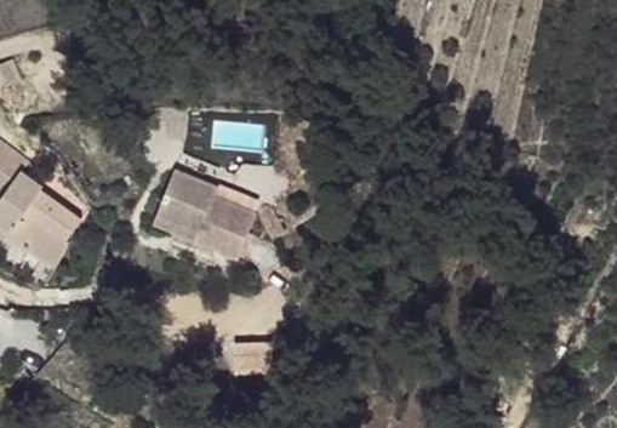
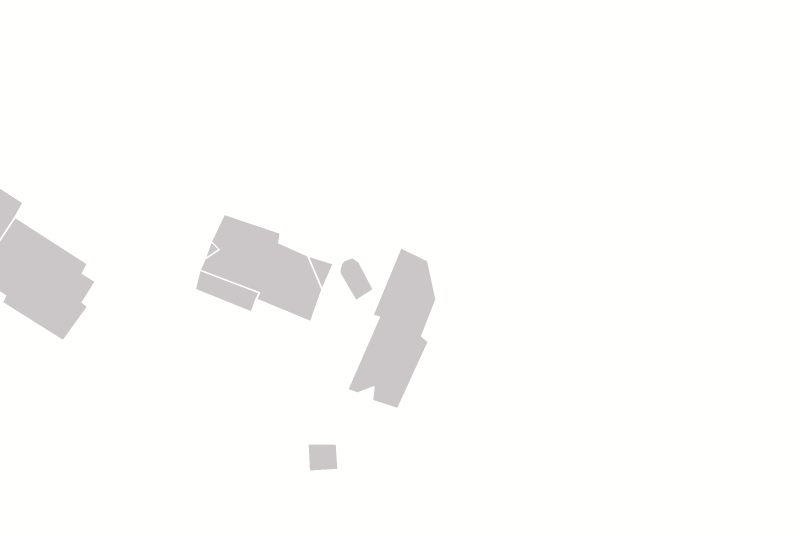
building: none -> [348,247,436,409]

